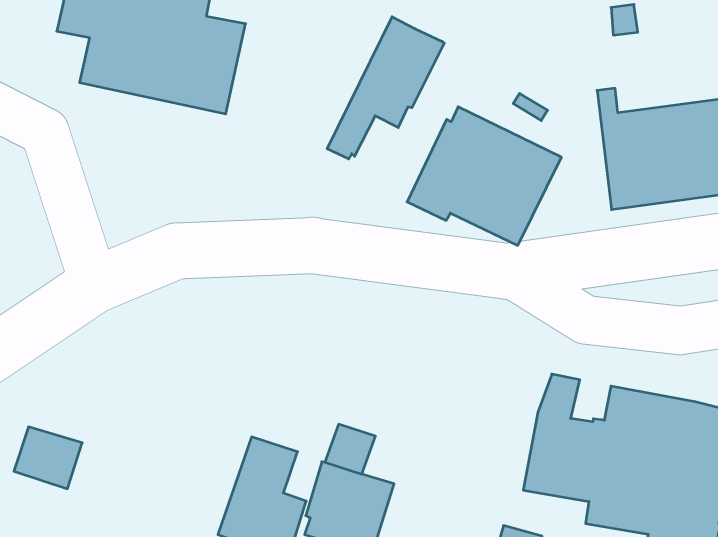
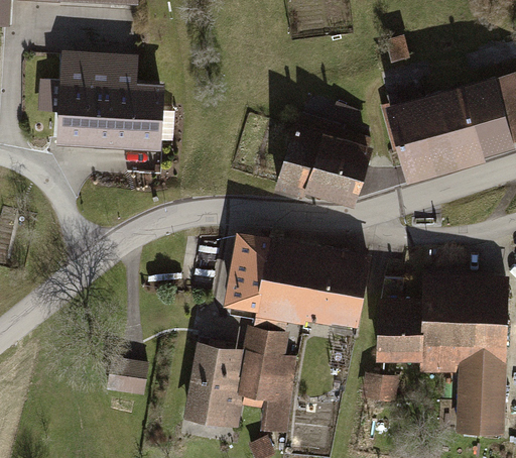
building: [327,17,444,159] -> none
building: none -> [232,237,368,336]
building: [14,427,82,489] -> [108,359,148,394]

